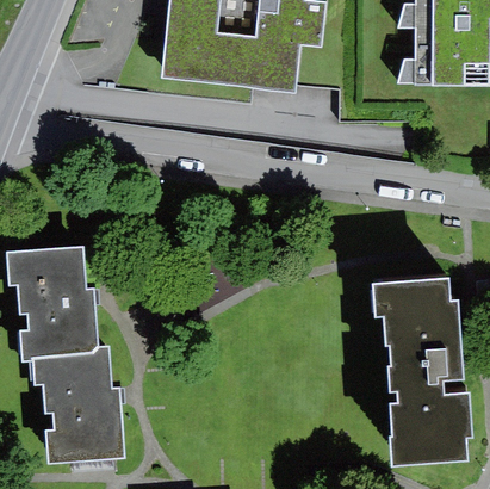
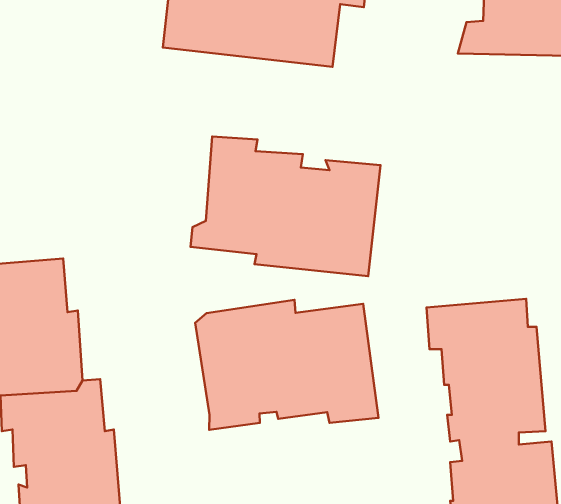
building: none -> [190,136,381,276]
building: none -> [195,300,379,430]

